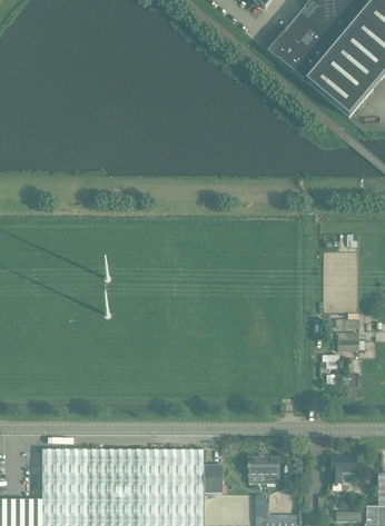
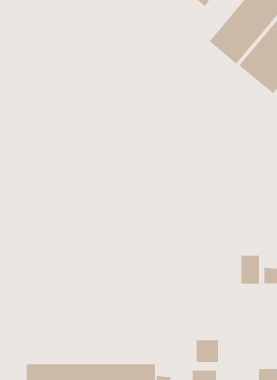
building: none -> [241,255,260,284]
building: none -> [196,339,219,363]

